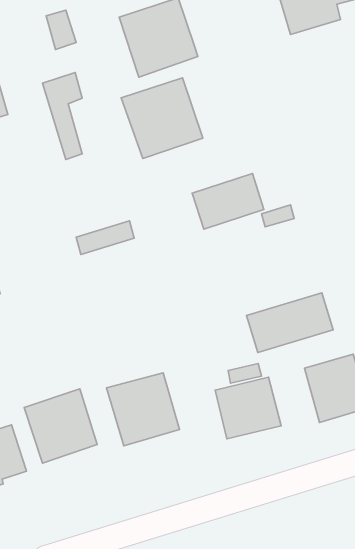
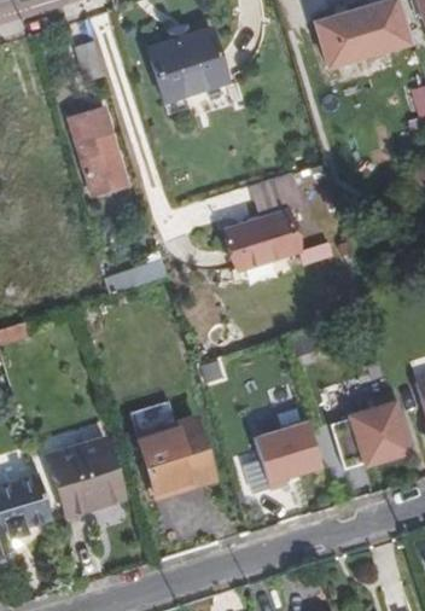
building: [121,78,203,159] -> none
building: [247,293,333,353] -> none

